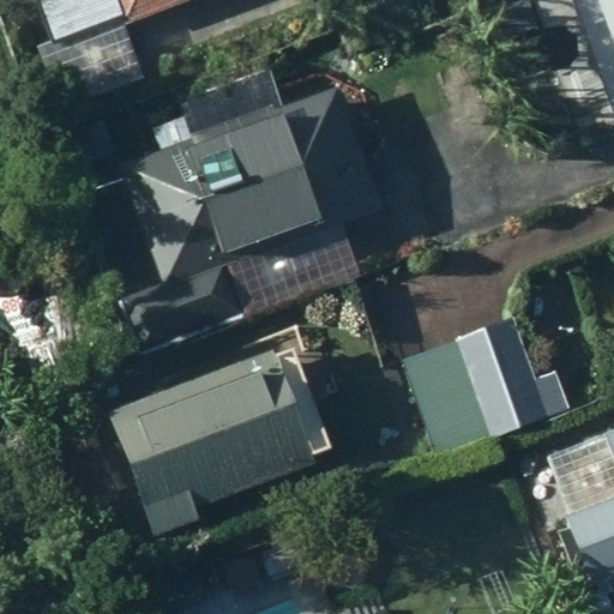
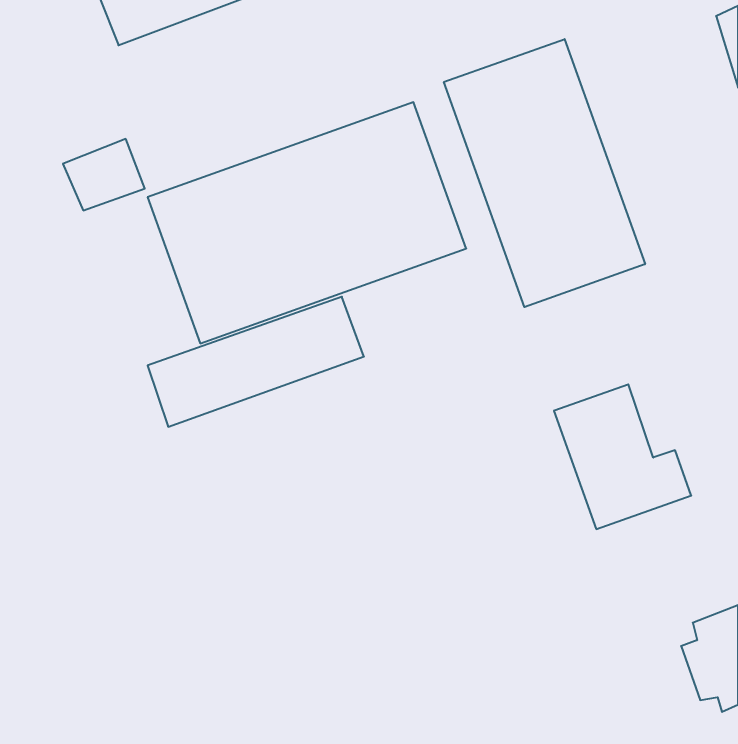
building: none -> [444,39,645,307]
building: [102,341,321,536] -> none

